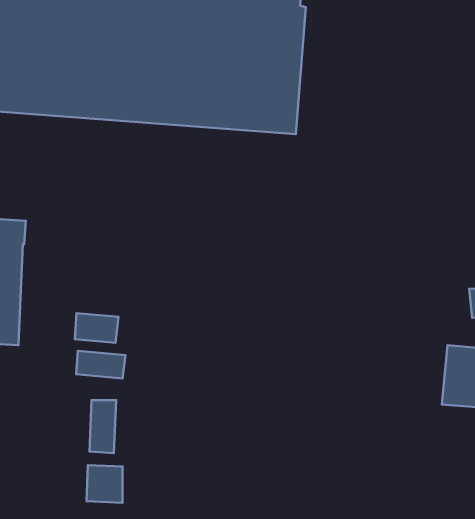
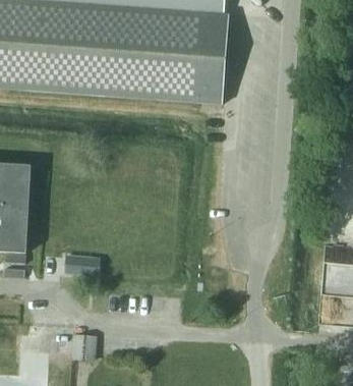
building: [75,313,119,343] -> none
building: [90,400,116,453] -> none

